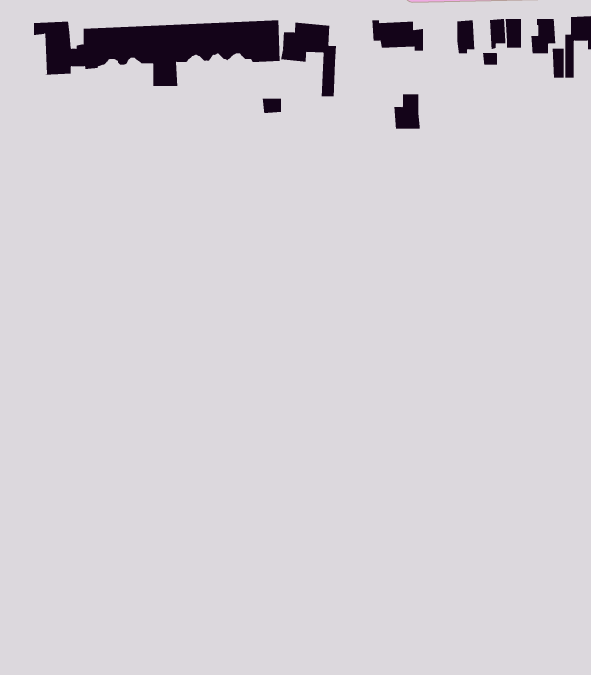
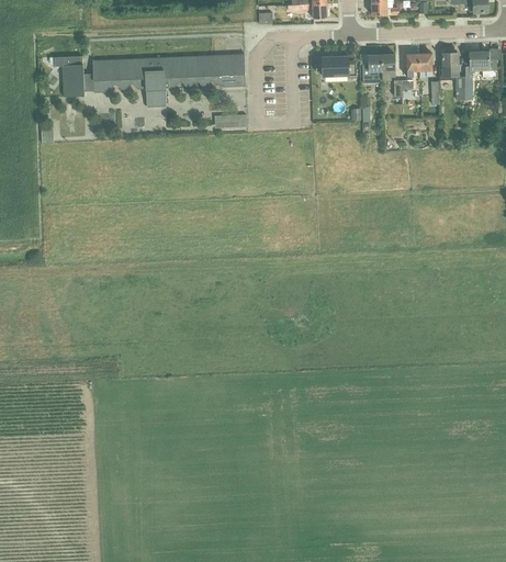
building: [280,22,336,97] -> none
building: [394,94,421,129] -> [361,54,382,81]

